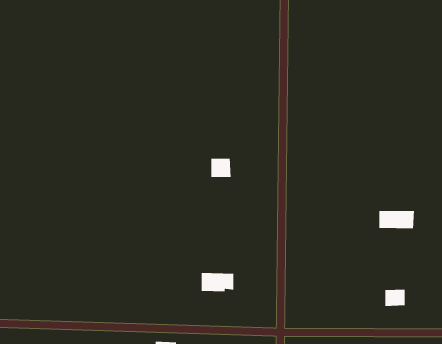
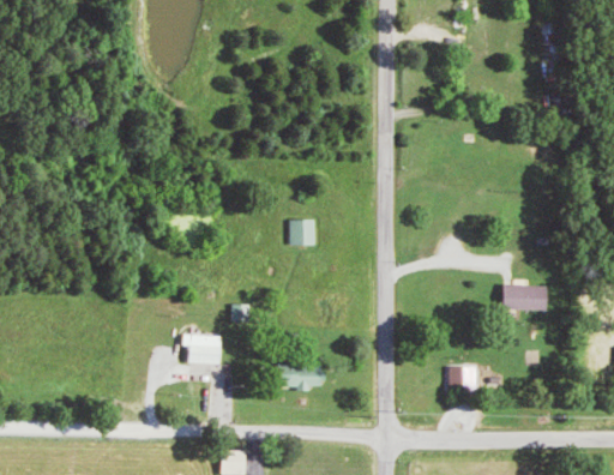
building: none -> [181,335,223,363]
building: [385,289,406,307] -> [450,366,476,389]

